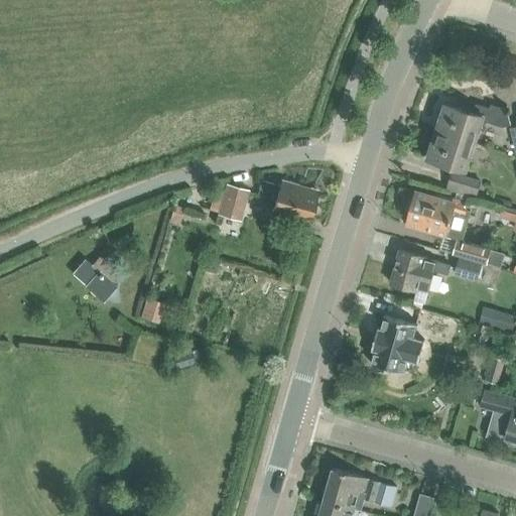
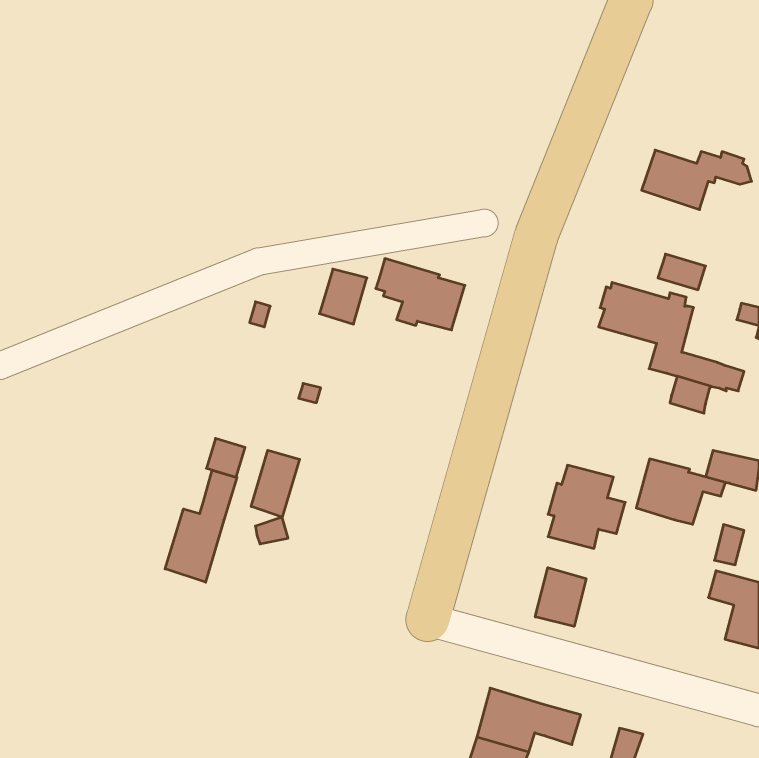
building: [426,130,475,170] -> none
building: [390,249,450,293] -> [636,459,725,524]
building: [73,257,120,302] -> none
building: none -> [251,450,300,517]
building: none -> [165,470,237,582]
building: none -> [535,568,586,626]

